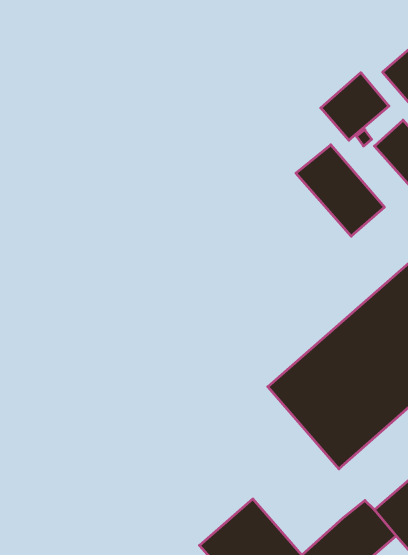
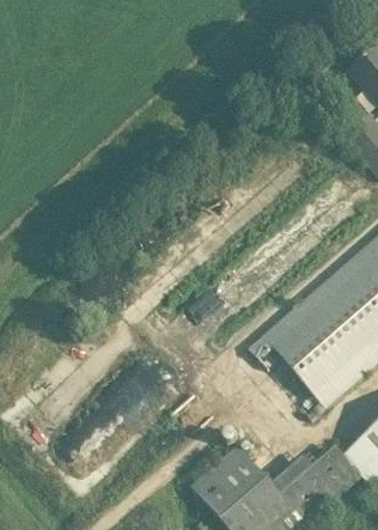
building: [321,73,389,140] -> none
building: [296,145,384,236] -> none

